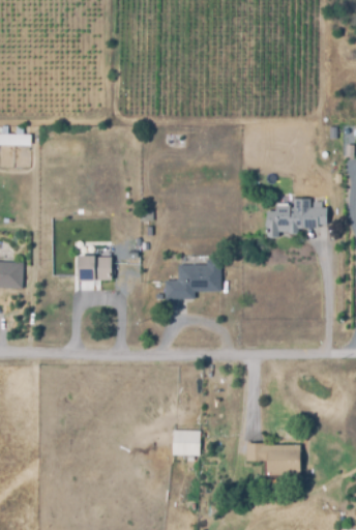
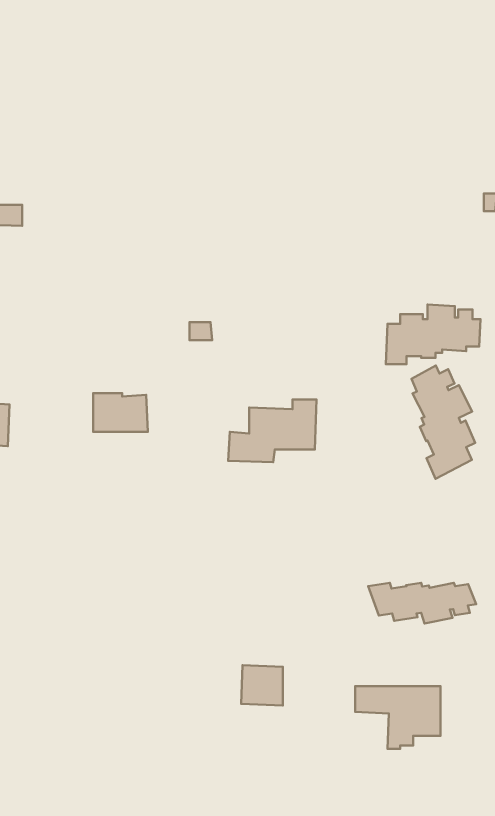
building: none -> [411,365,475,479]
building: none -> [368,583,476,624]

